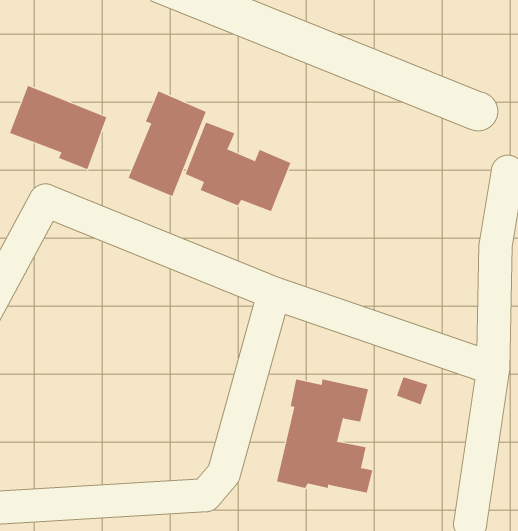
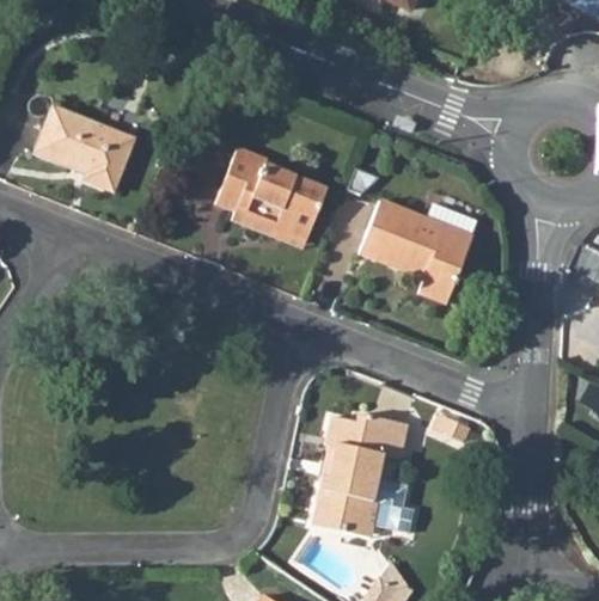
building: [128,90,207,197] -> none
building: none -> [360,197,476,302]

